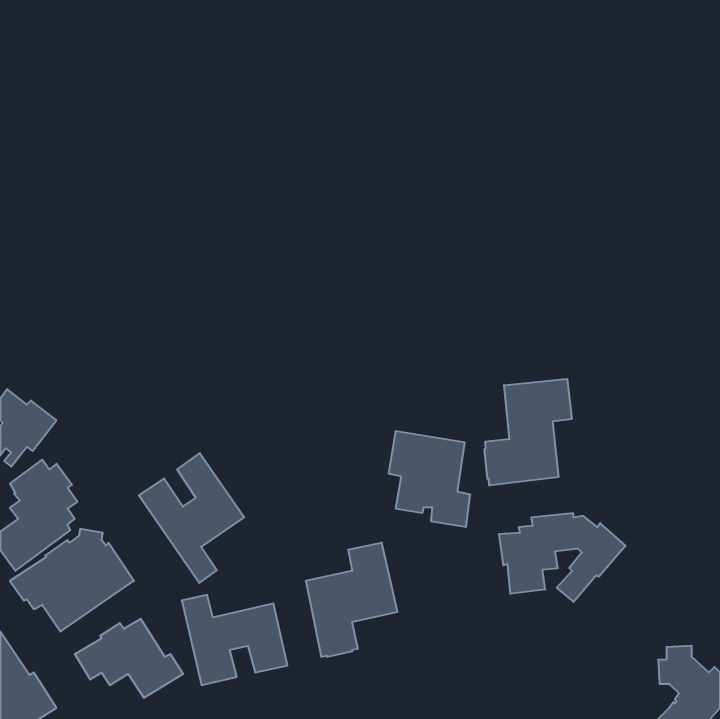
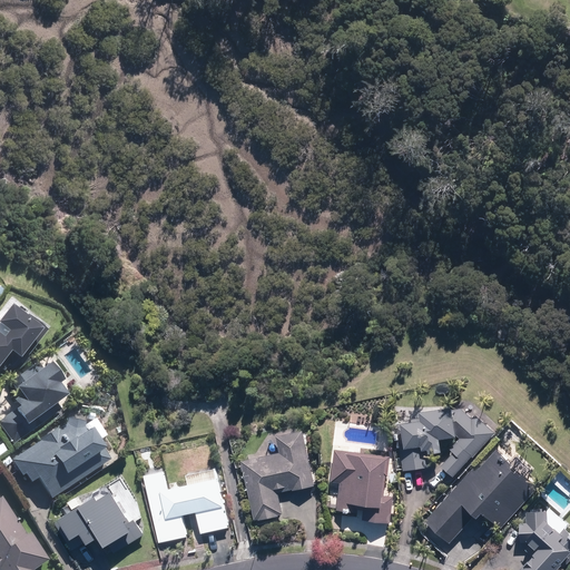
building: [485,379,572,486] -> none
building: [389,431,470,527] -> [330,448,394,523]
building: [139,453,244,583] -> none
building: none -> [425,449,539,542]

